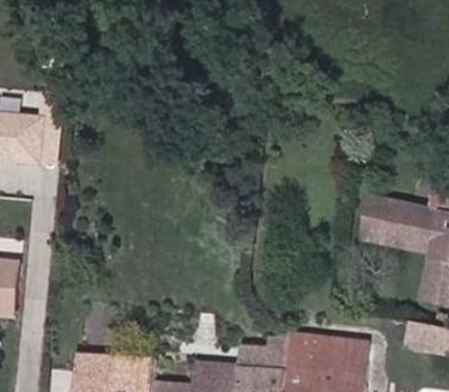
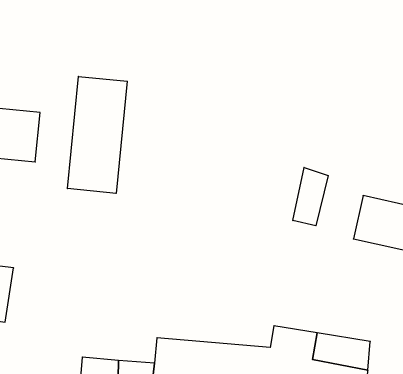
building: none -> [67,76,127,193]
building: none -> [293,167,328,226]

